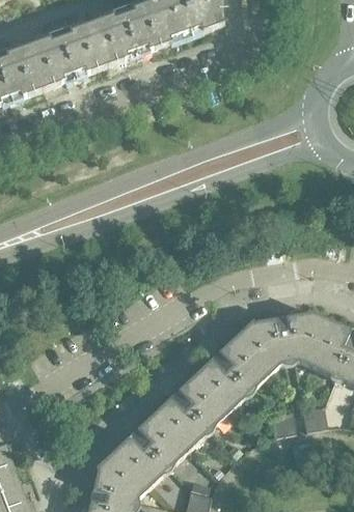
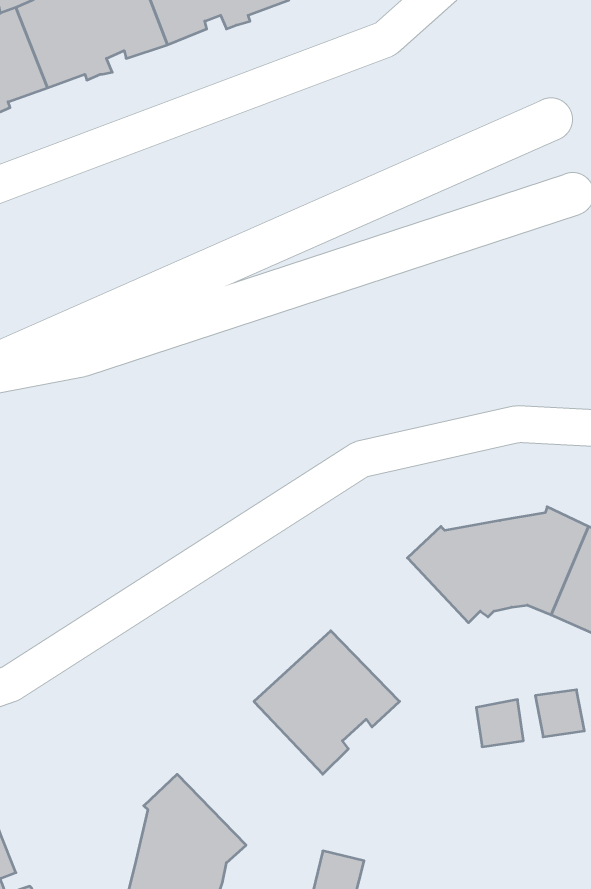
building: [194,337,267,413] -> none
building: [113,413,190,488] -> none

